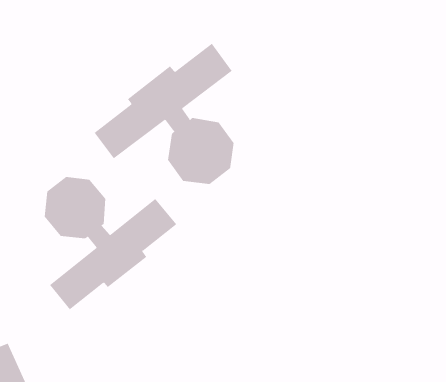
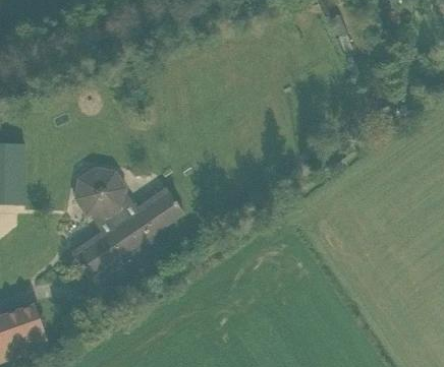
building: [94,43,234,185] -> none

